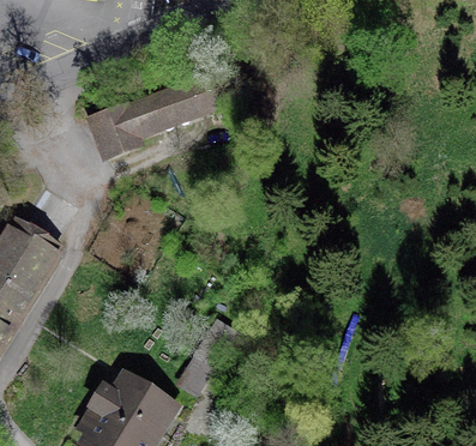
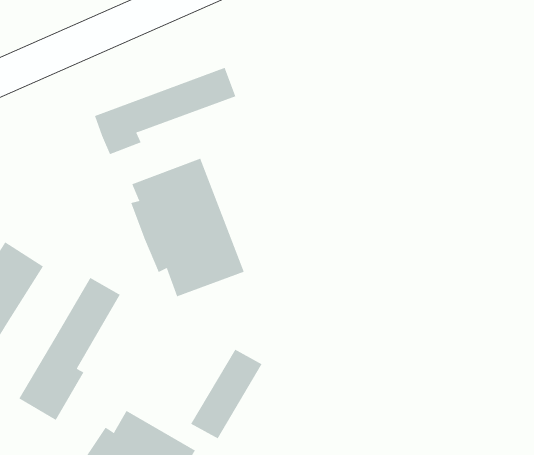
building: none -> [131,158,244,297]
building: none -> [18,277,121,421]

